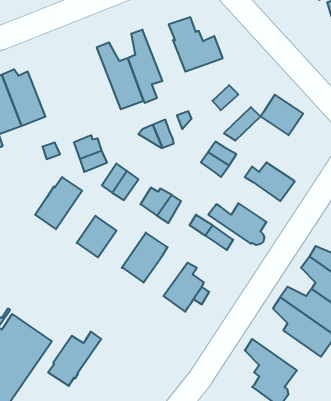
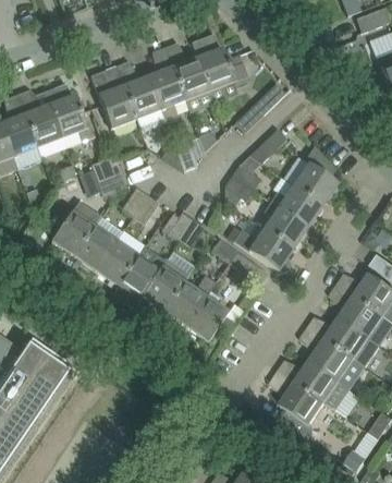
building: none -> [163,41,208,100]
building: none -> [90,65,136,129]
building: none -> [45,83,94,141]
building: [260,95,303,135] -> [293,162,338,205]
building: none -> [264,201,307,247]
building: none -> [73,215,123,269]
building: none -> [164,274,216,325]
building: none -> [278,359,350,410]
building: [48,332,101,386] -> [111,252,167,309]

